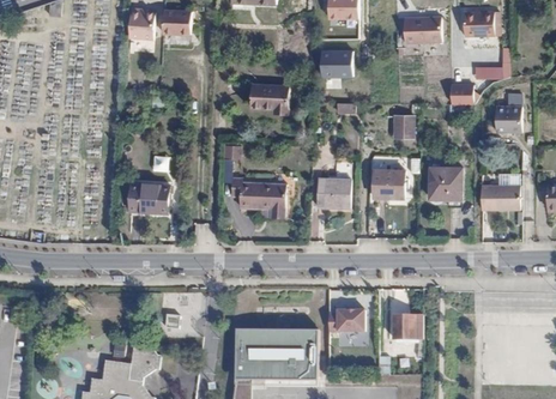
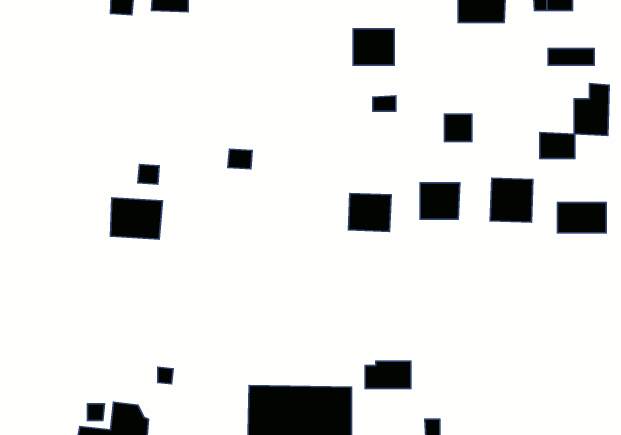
building: [250,84,289,115] -> none
building: [445,84,472,104] -> [540,133,575,159]
building: [231,177,286,217] -> none
building: [393,314,422,343] -> none

